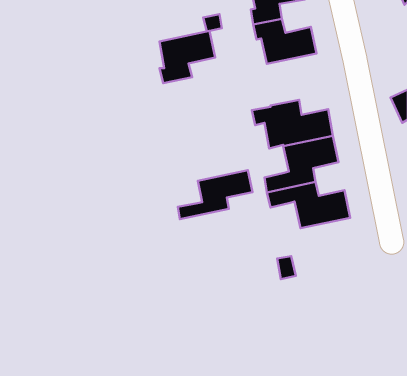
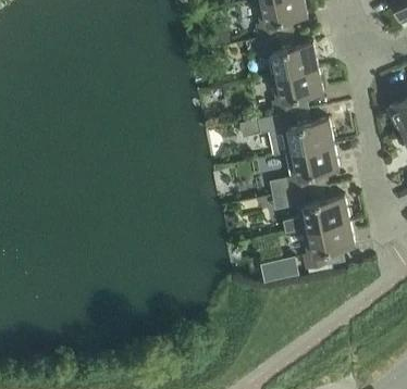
building: [160,31,215,83] -> [272,65,324,114]
building: [178,170,253,219] -> none
building: none -> [304,219,355,268]

